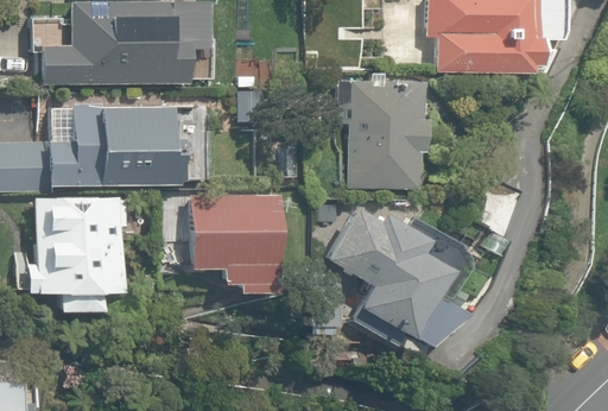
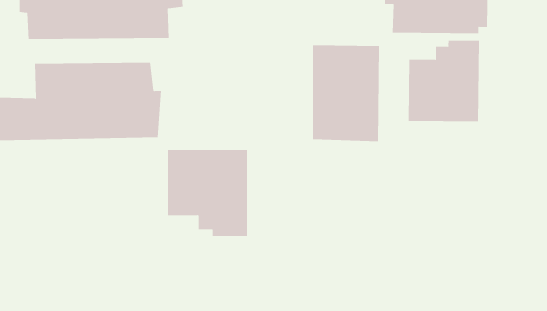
building: none -> [408,40,479,122]
building: [32,198,129,316] -> none
building: [330,210,481,347] -> none

